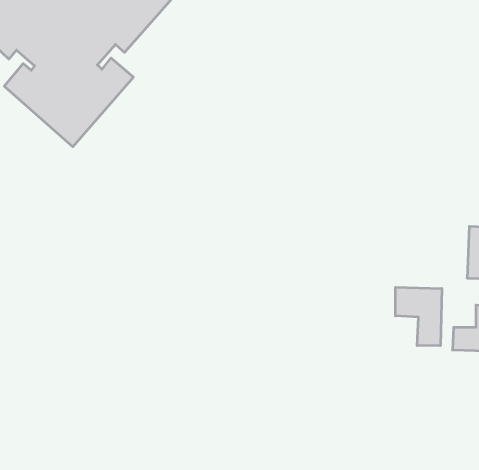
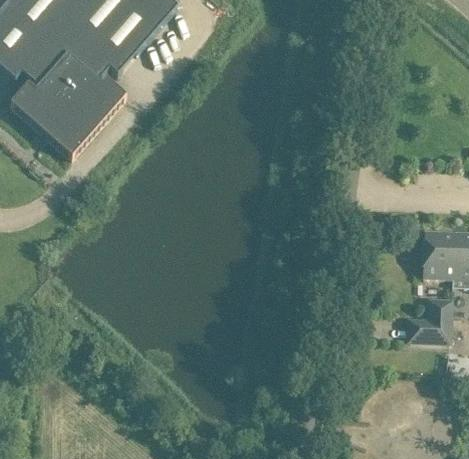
building: [395,287,442,346] -> none

